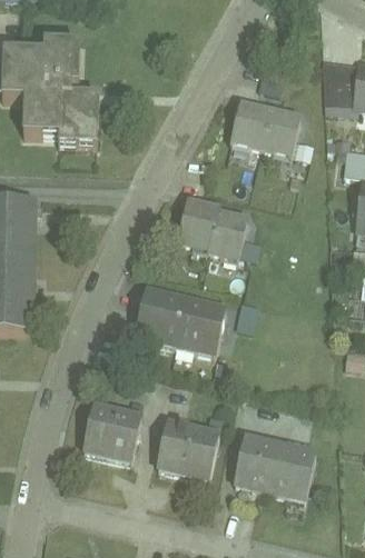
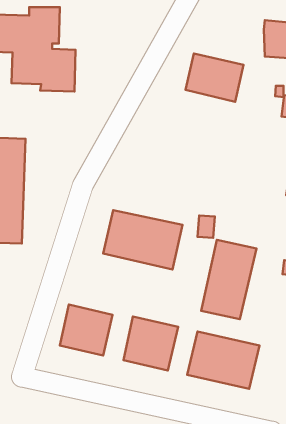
building: [175,195,247,263] -> none
building: none -> [201,240,256,319]

